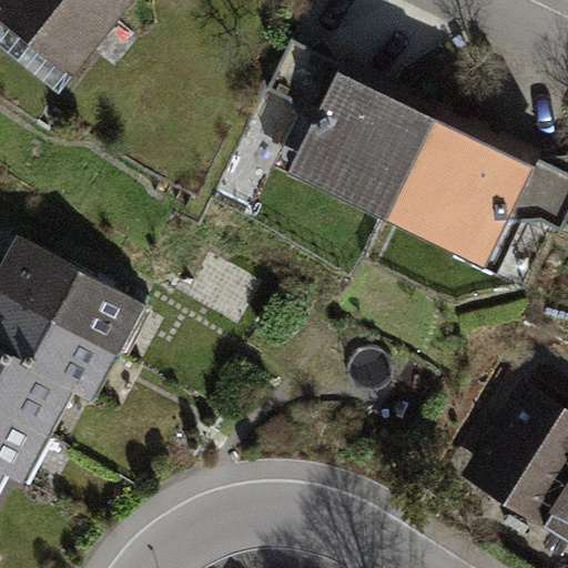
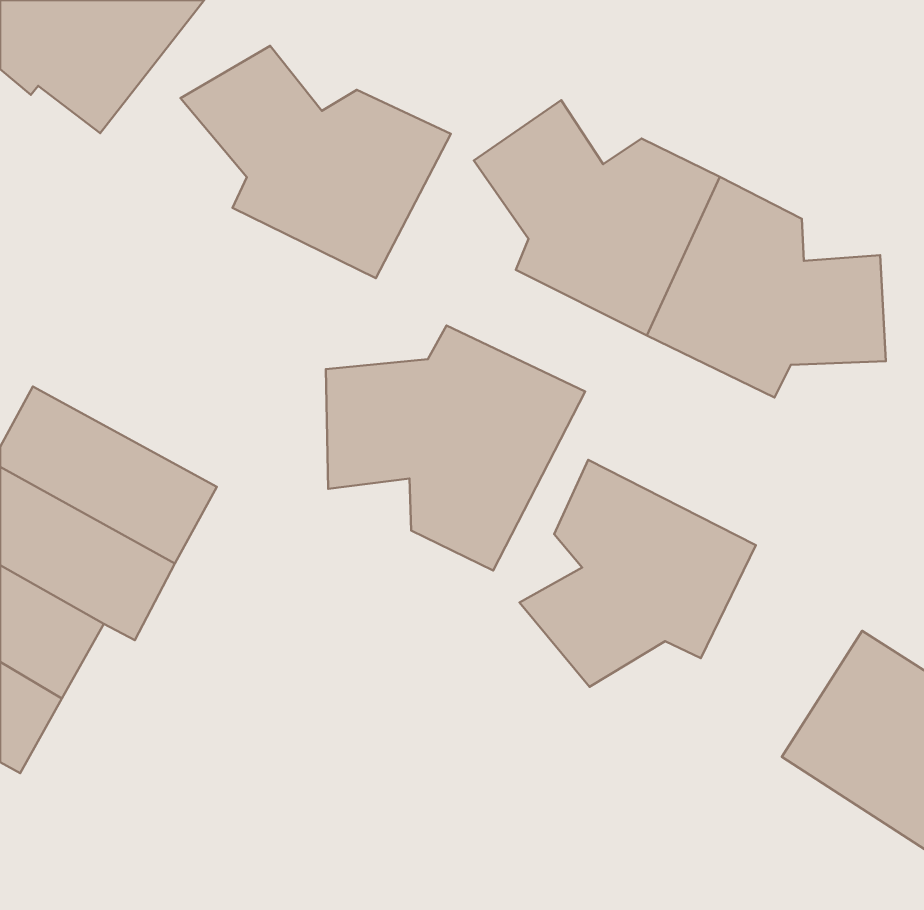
building: none -> [181,46,451,278]
building: none -> [326,326,585,570]
building: none -> [519,460,756,687]

